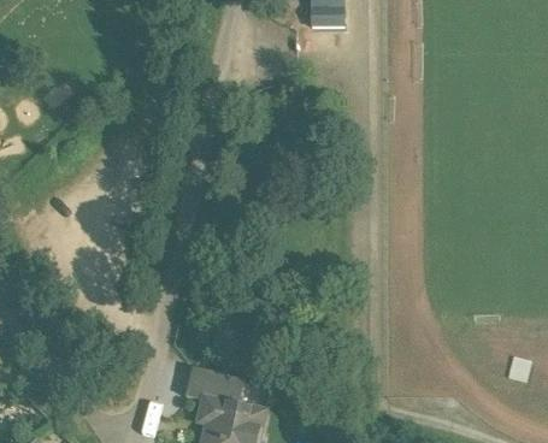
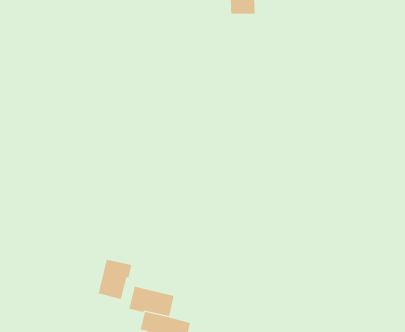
building: none -> [98,259,132,300]

